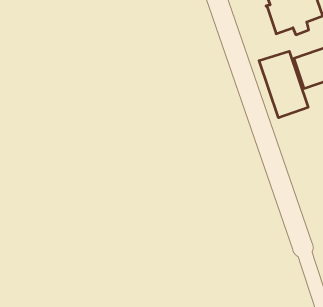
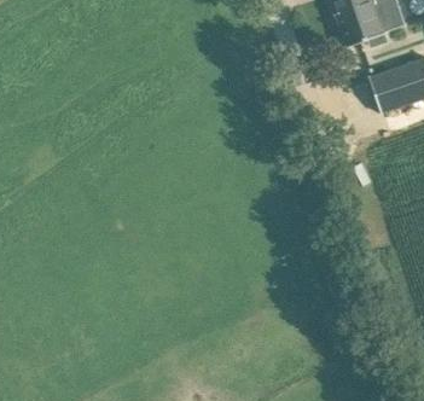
building: [259,51,308,118] -> none

